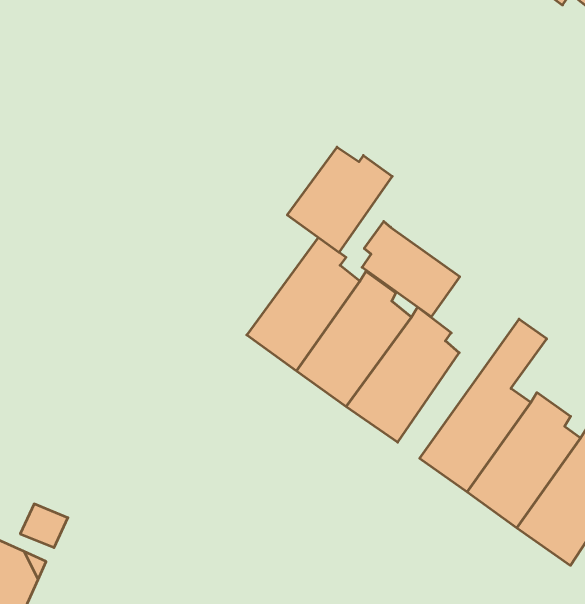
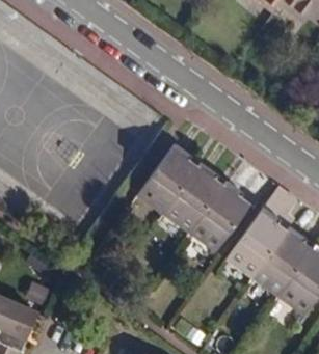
building: [287,147,392,252] -> none
building: [362,221,460,317] -> none

